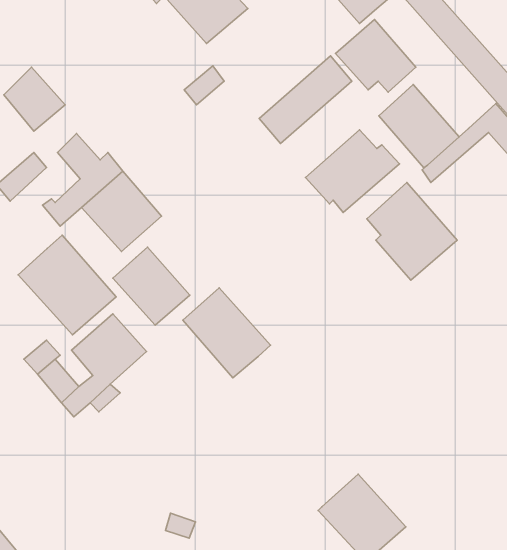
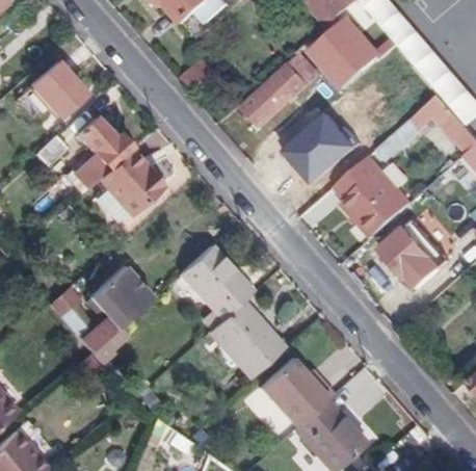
building: [379,84,459,168] -> none
building: [18,235,116,335] -> none
building: [113,247,190,325] -> none
building: none -> [376,216,446,287]
building: none -> [212,302,285,375]
building: none -> [261,357,335,426]

